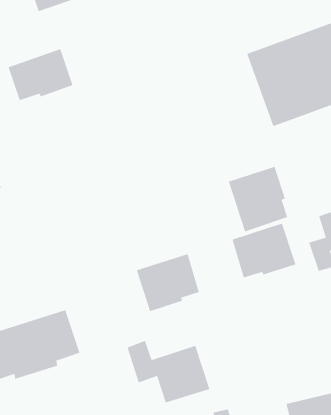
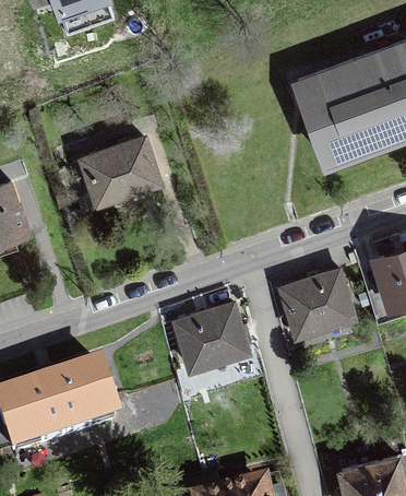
building: [8,48,74,101] -> [84,138,157,197]
building: [228,166,288,233] -> none
building: [127,340,210,403] -> none

